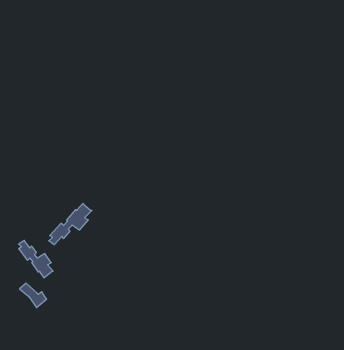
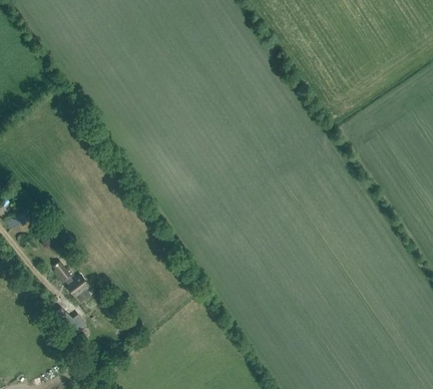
building: [49,203,92,245] -> none

